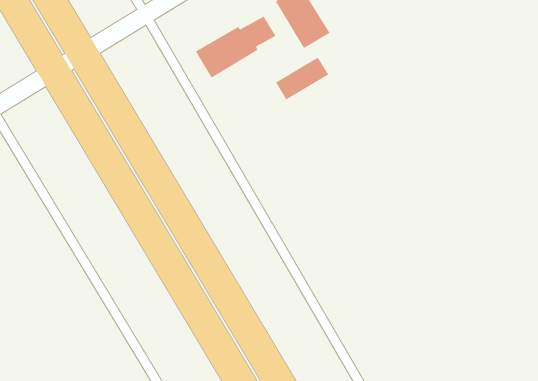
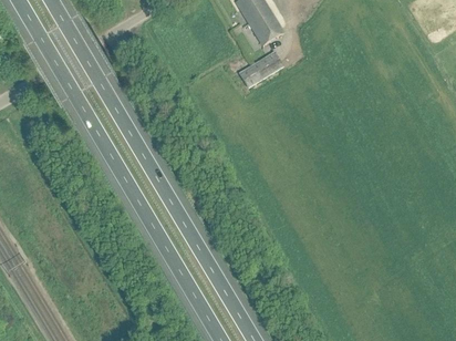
building: [195,16,276,78] -> none

